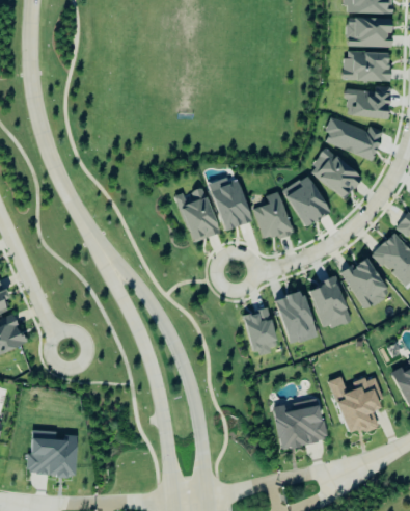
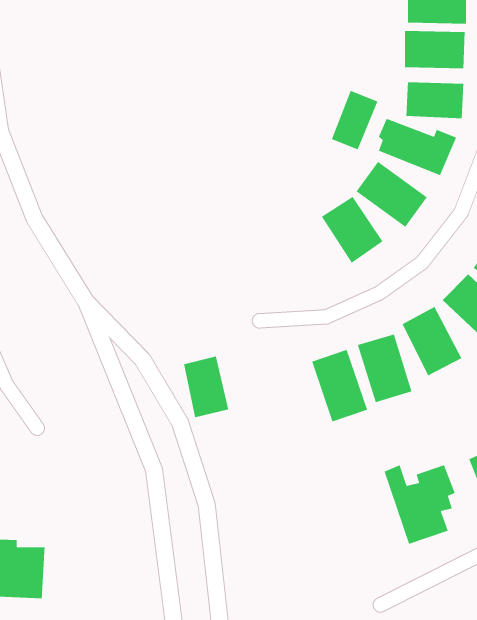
building: none -> [331,90,378,150]
building: [209,178,252,231] -> none
building: [175,190,220,243] -> none
building: [254,191,293,240] -> none
building: [244,308,278,355] -> [183,356,229,418]
building: [272,398,327,450] -> none

